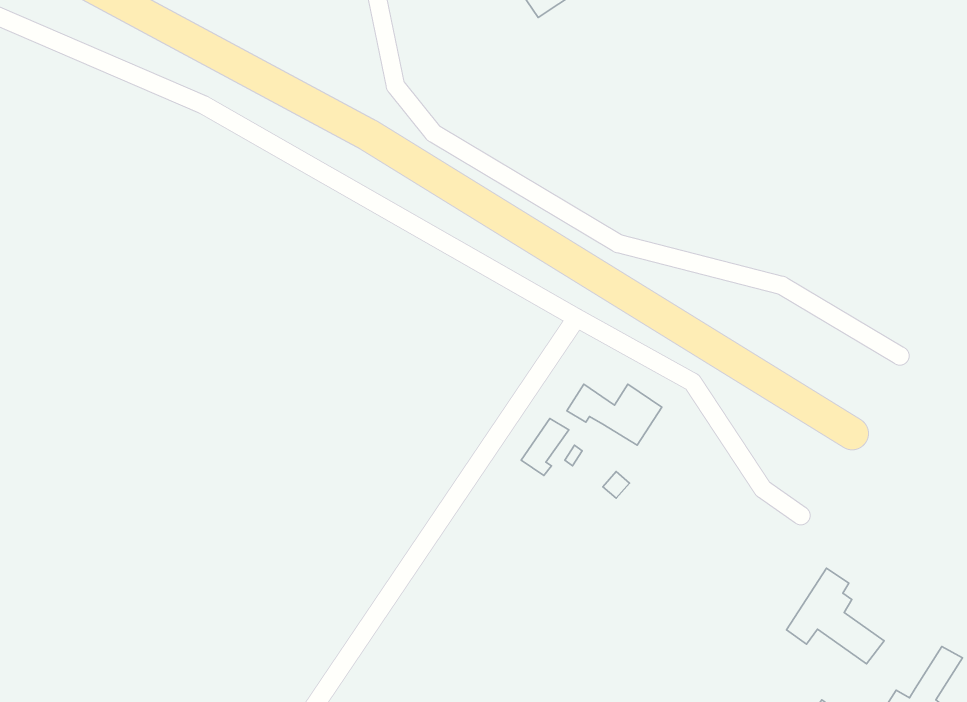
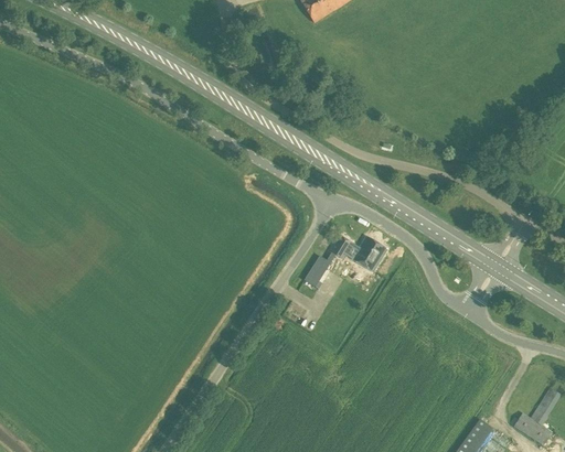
building: [786,568,884,664] -> none

